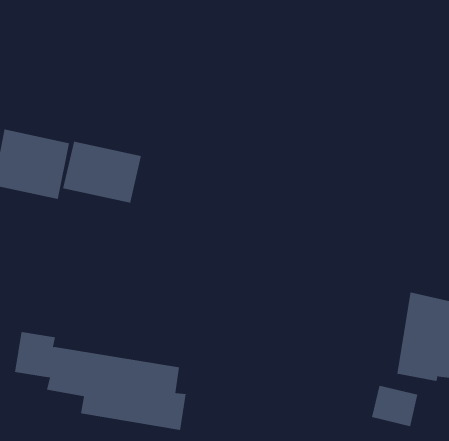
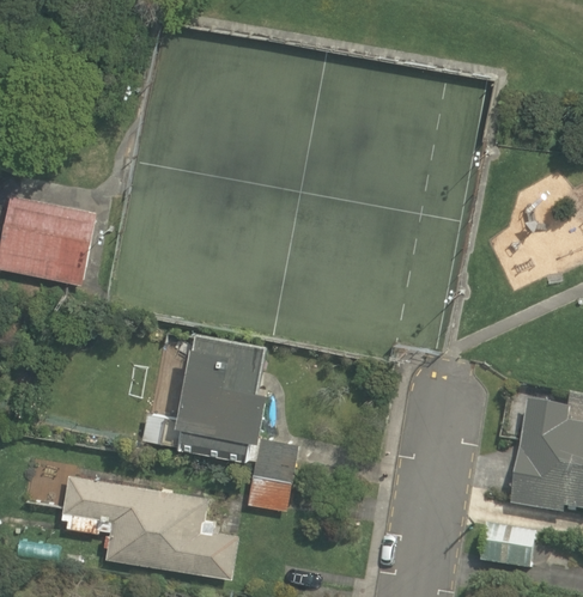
building: [63,141,141,203] -> none
building: none -> [142,334,299,511]

